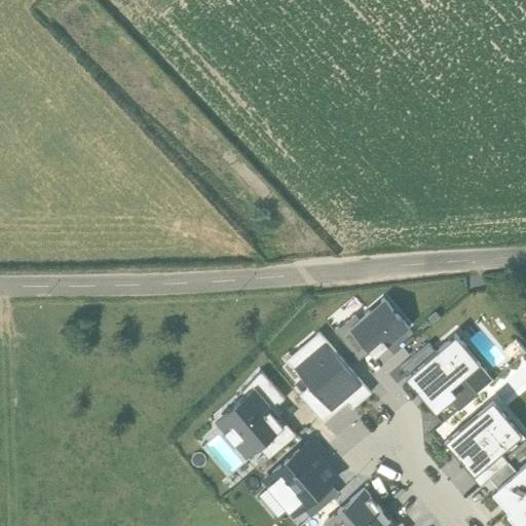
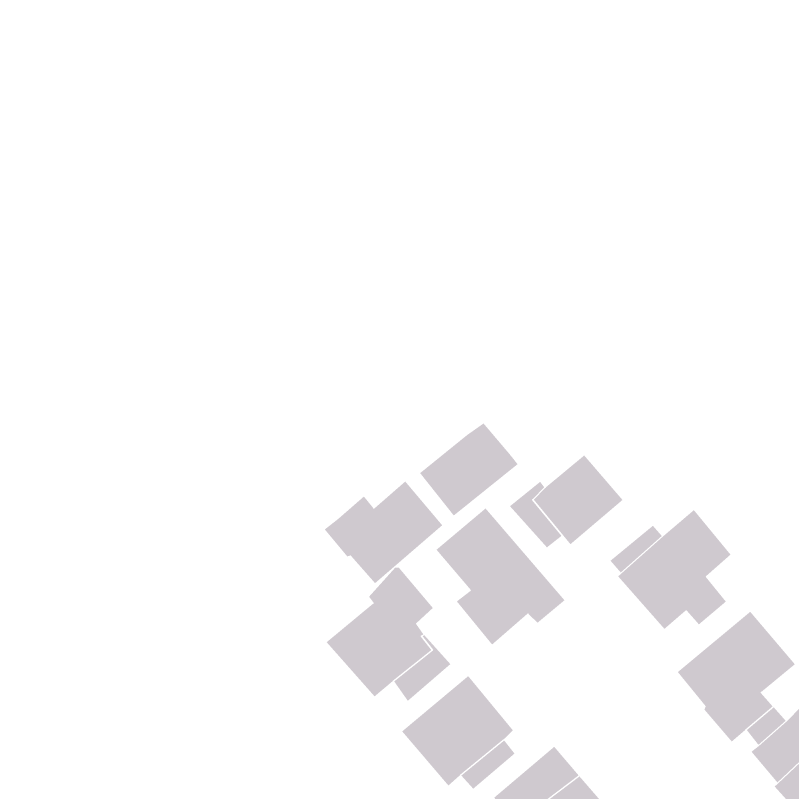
building: none -> [419,422,519,516]
building: none -> [324,480,443,584]

